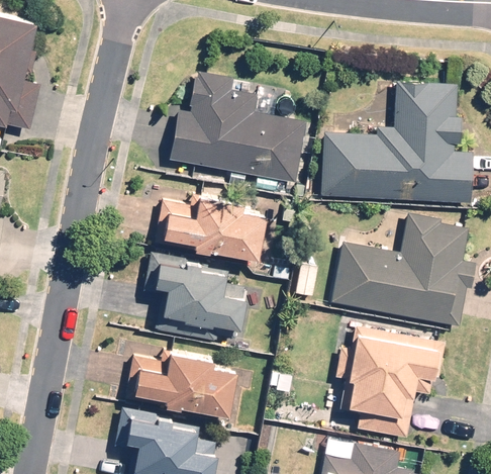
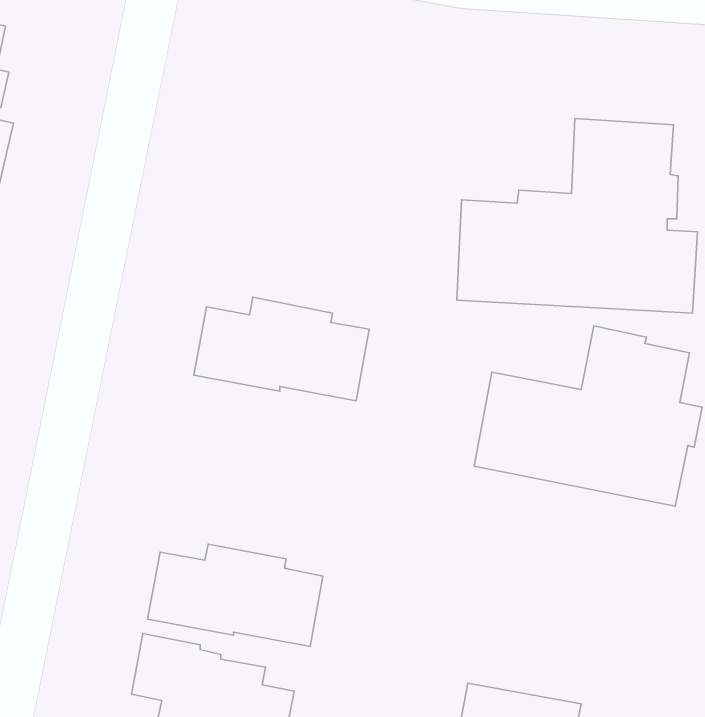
building: [169,72,306,184] -> none
building: [143,253,244,341] -> none
building: [335,325,445,438] -> none

